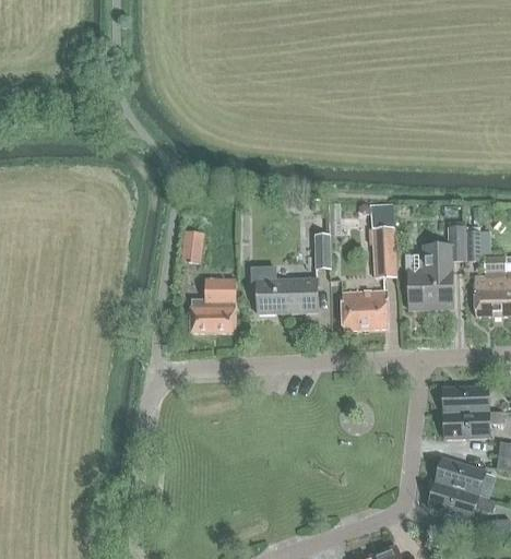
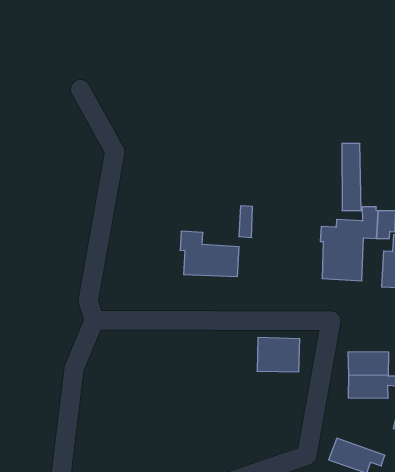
building: [371,203,396,277] -> [342,144,361,211]
building: [181,230,204,262] -> none
building: [190,277,234,332] -> none
building: [342,290,389,329] -> [257,337,300,372]
building: [436,457,485,495] -> none

